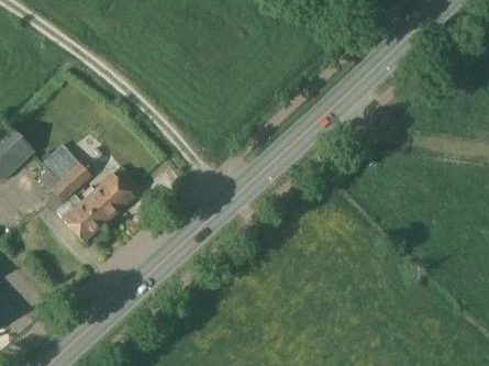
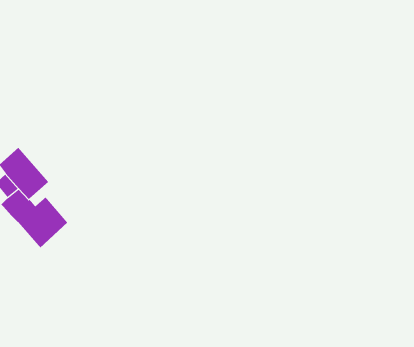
building: [89,173,134,218] -> none

